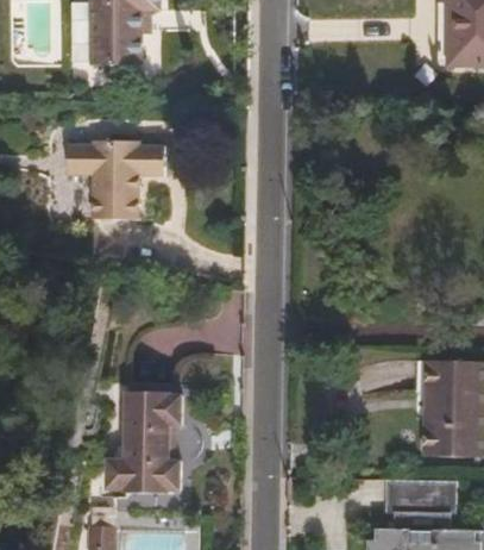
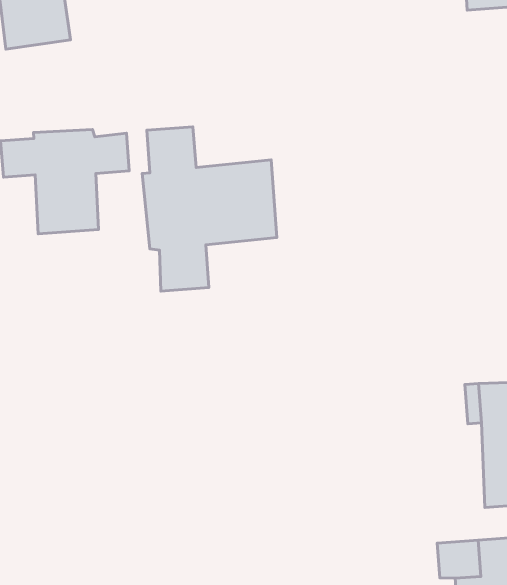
building: none -> [142,127,277,291]
building: [105,387,183,490] -> none

